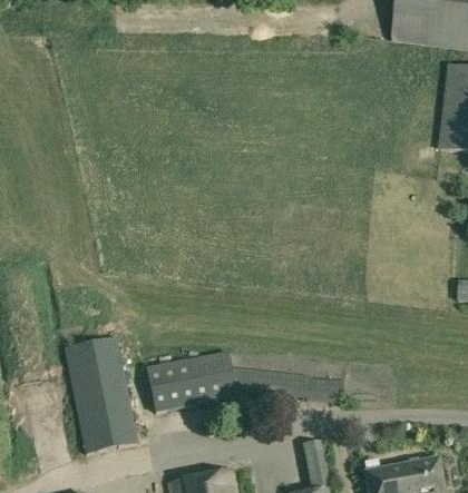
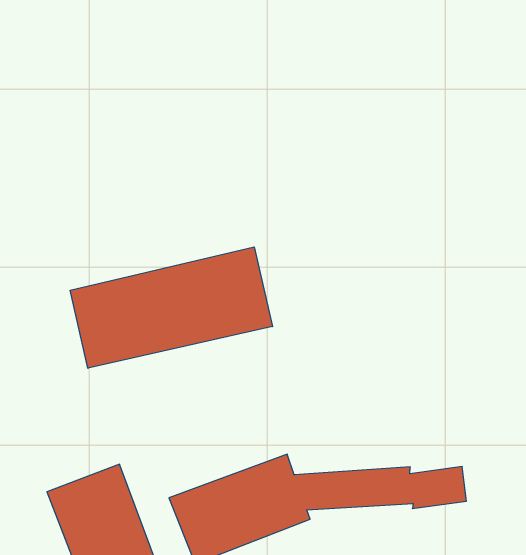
building: none -> [70,247,273,368]

